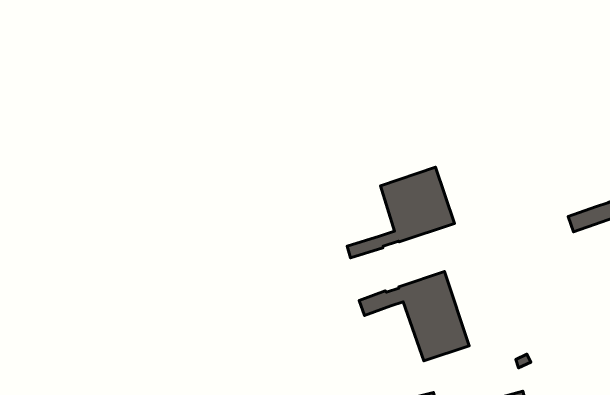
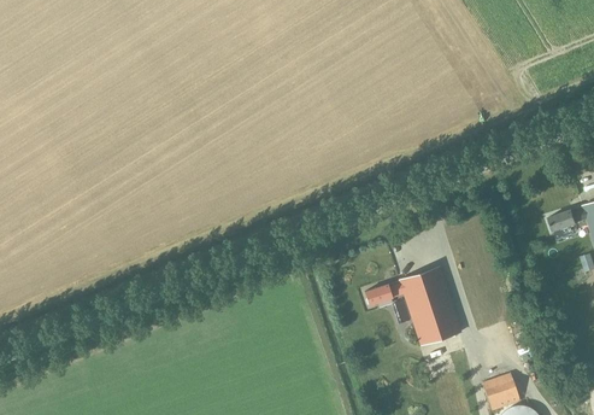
building: [347,167,454,258] -> none

